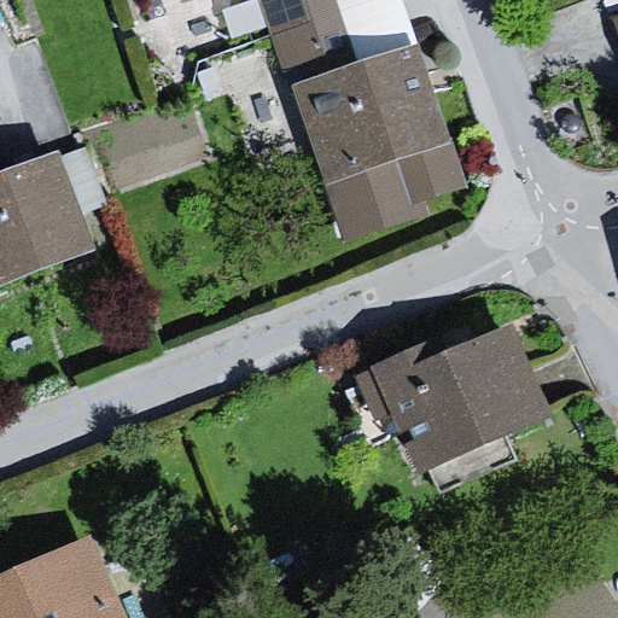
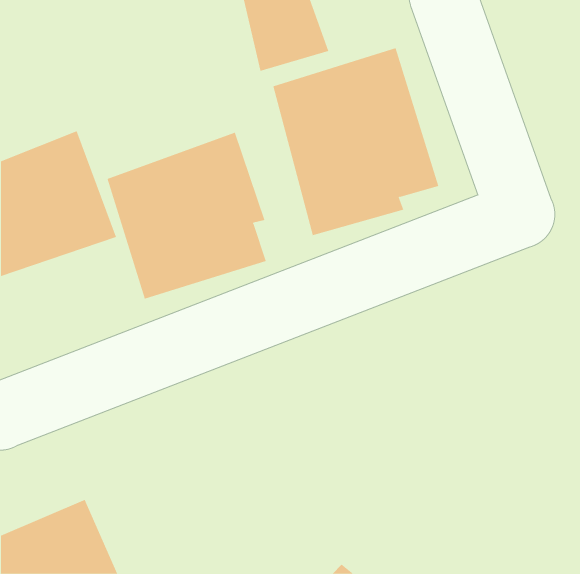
building: none -> [107,132,267,300]
building: [368,319,549,471] -> none

